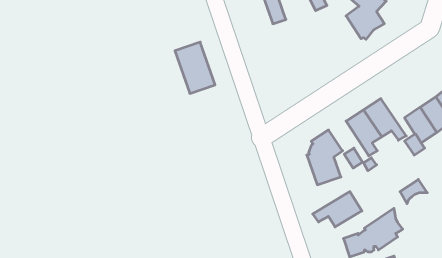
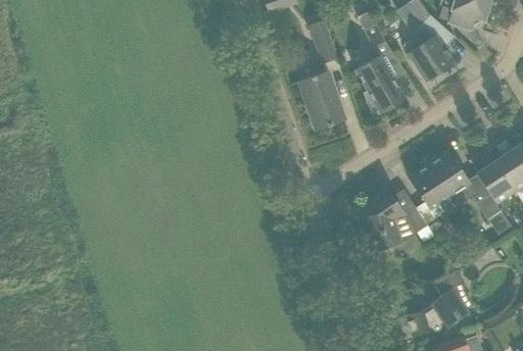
building: none -> [355,55,406,114]
building: [175,42,215,93] -> [298,70,345,131]
building: [313,192,362,227] -> none

